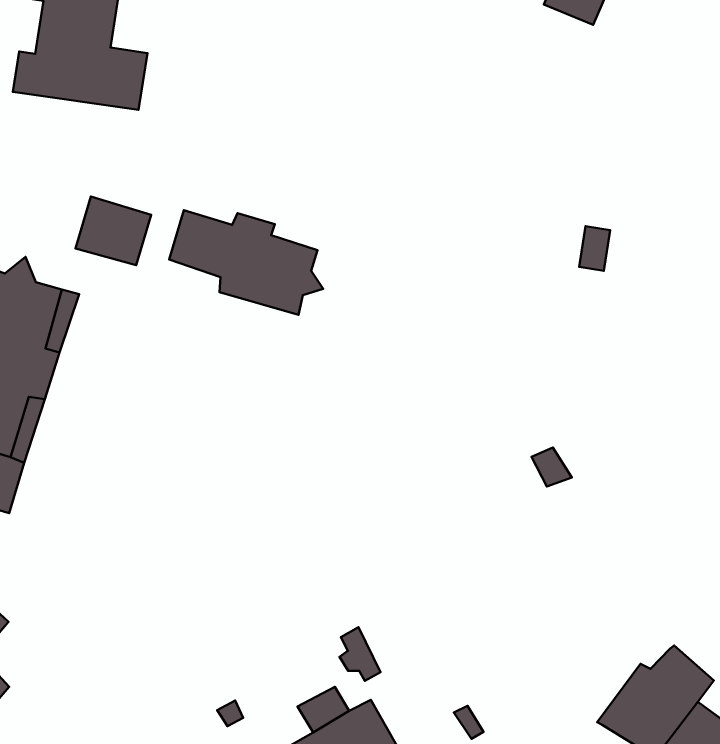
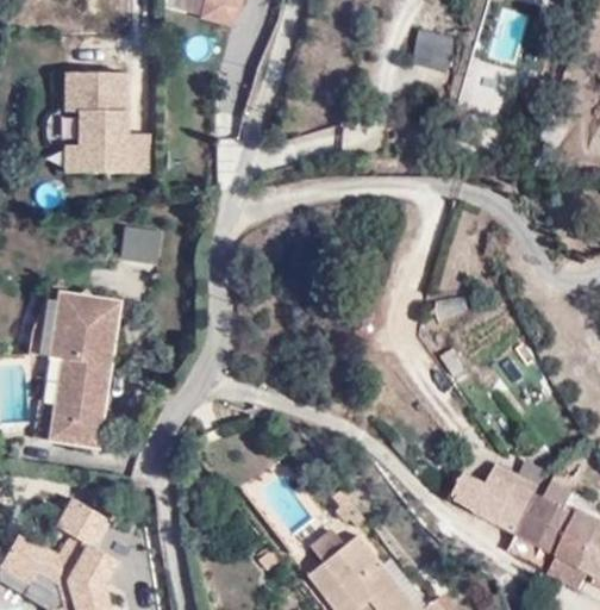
building: [169,210,323,315] -> none
building: none -> [460,460,550,529]

